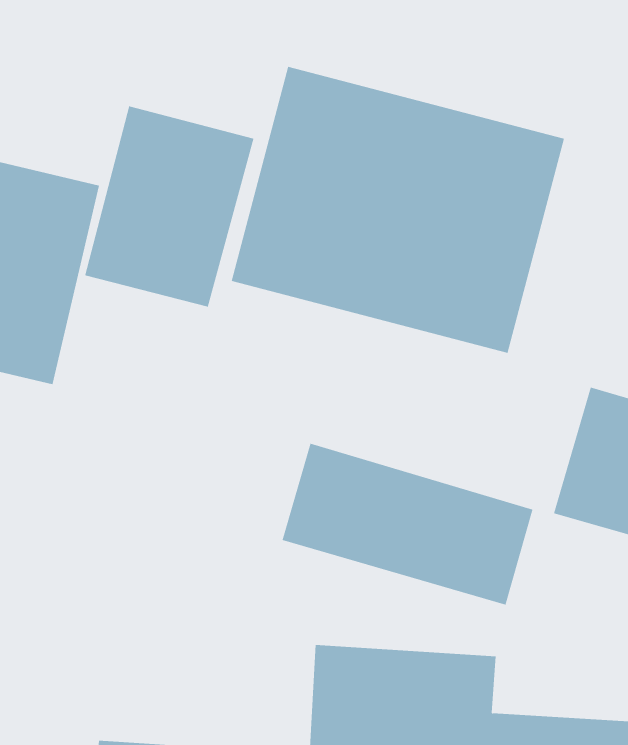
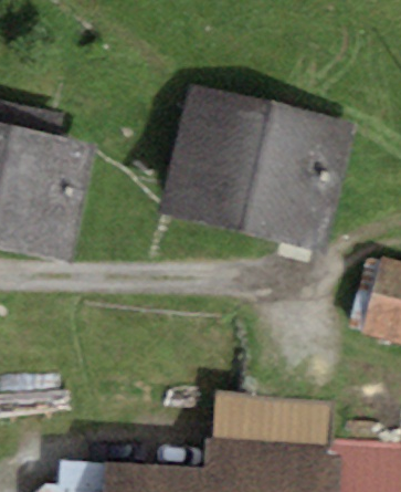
building: [85,105,254,308] -> none
building: [282,443,533,606] -> none

